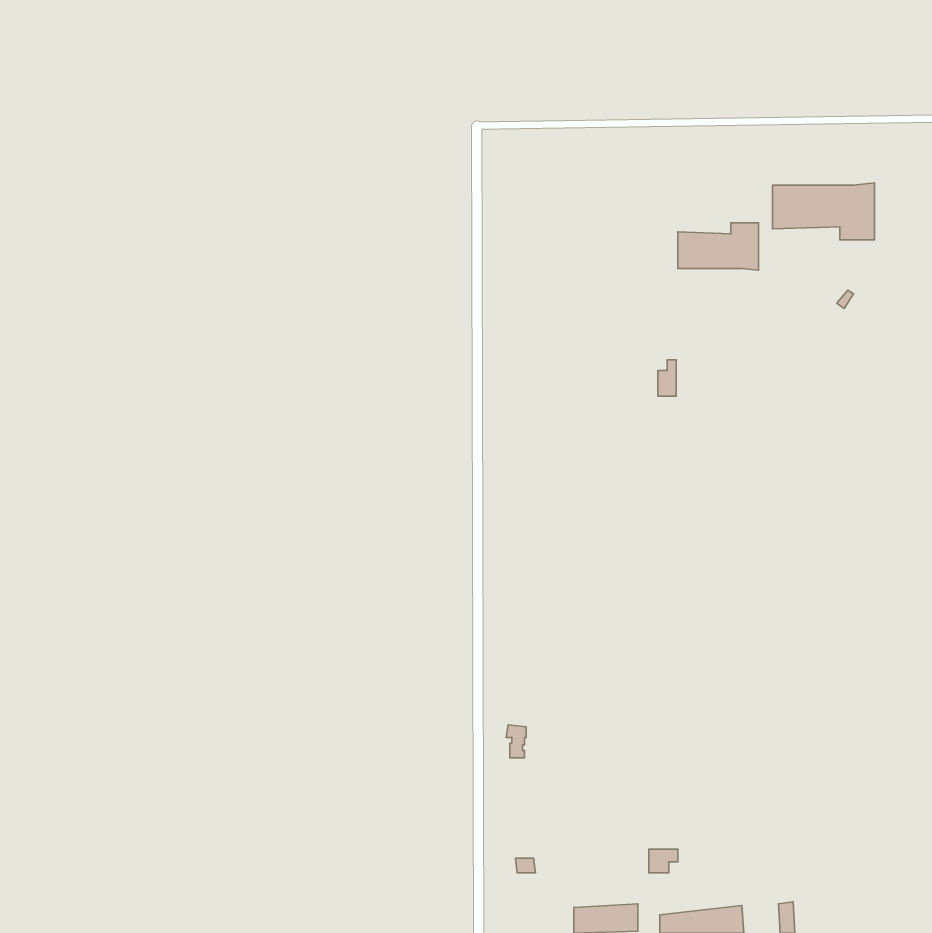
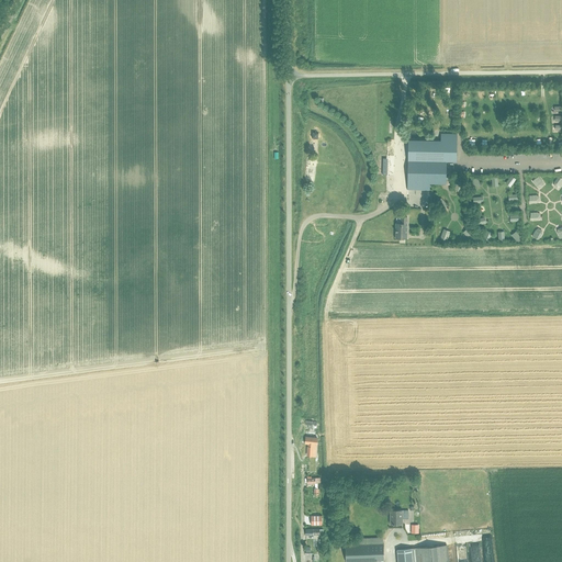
building: [773,183,874,240] -> none
building: none -> [406,161,446,190]

